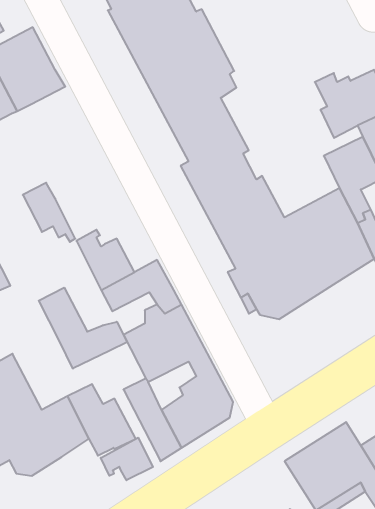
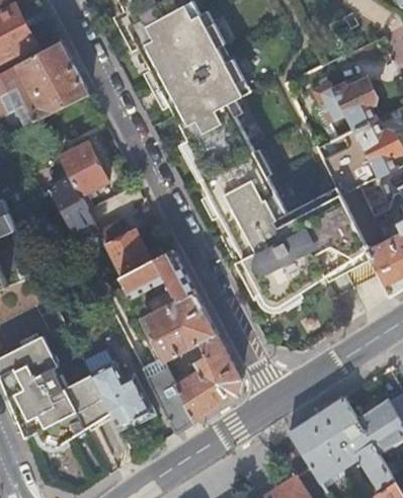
building: none -> [61,142,108,194]
building: [39,288,127,369] -> none
building: [101,438,153,480] -> none

